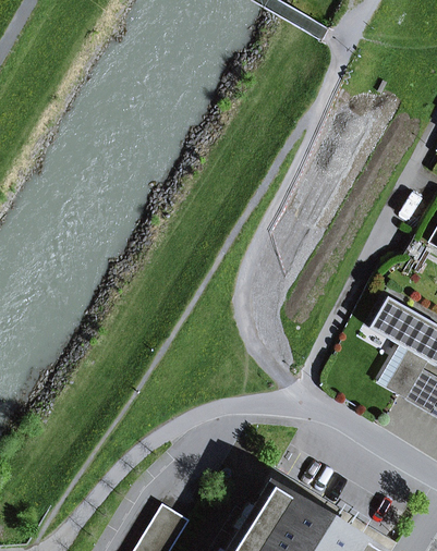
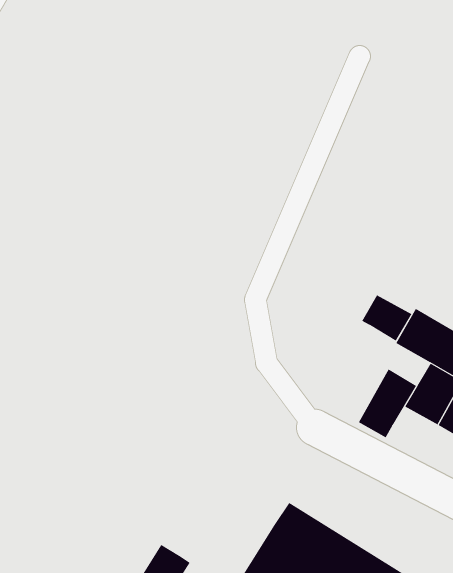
building: none -> [361,294,412,341]
building: none -> [358,368,417,438]

